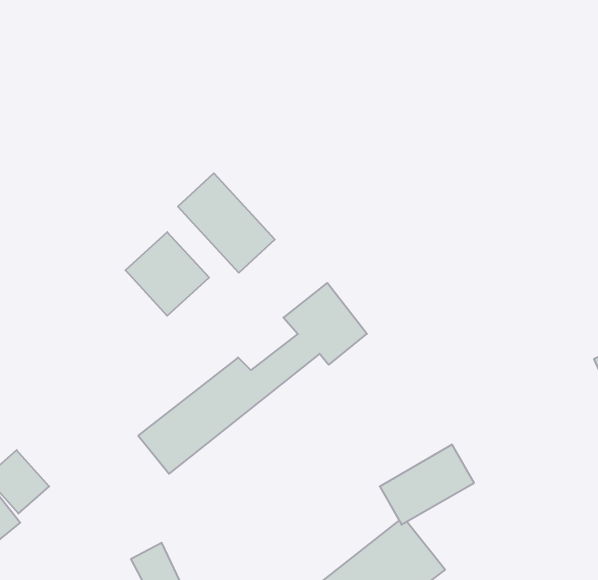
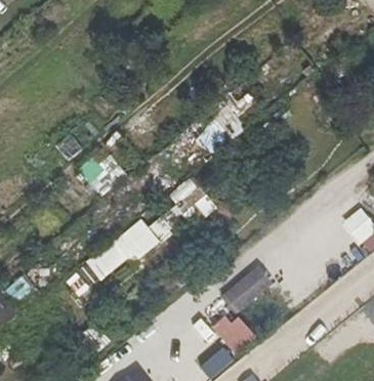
building: [178,173,275,273] -> none

